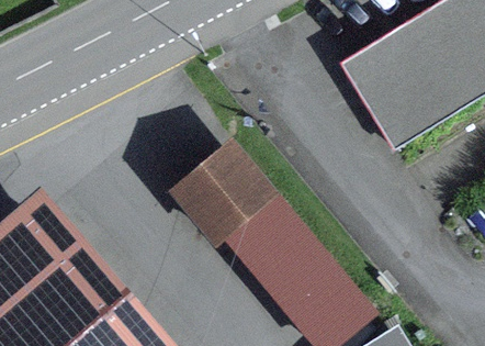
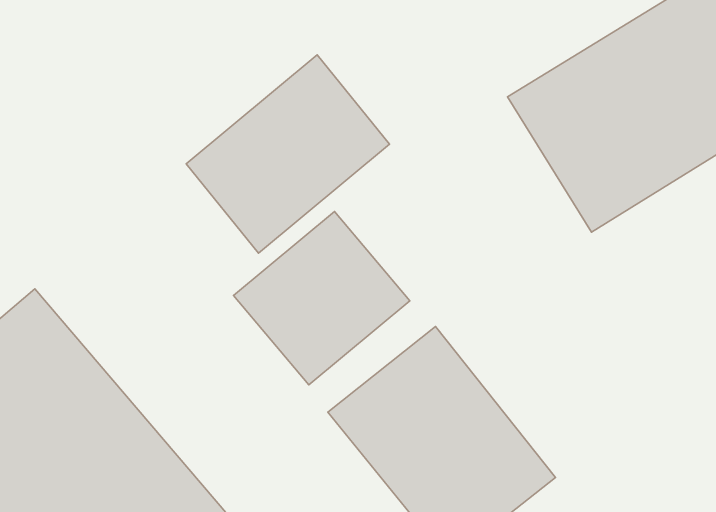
building: none -> [186,55,389,253]

